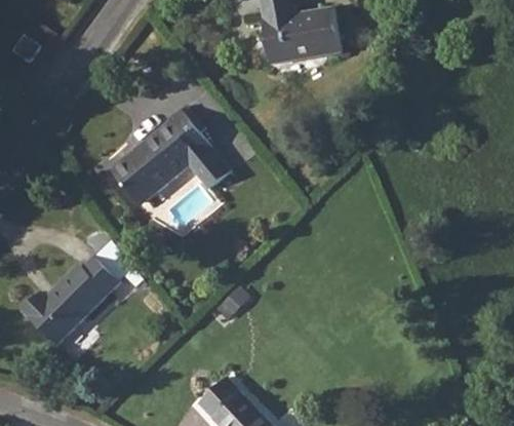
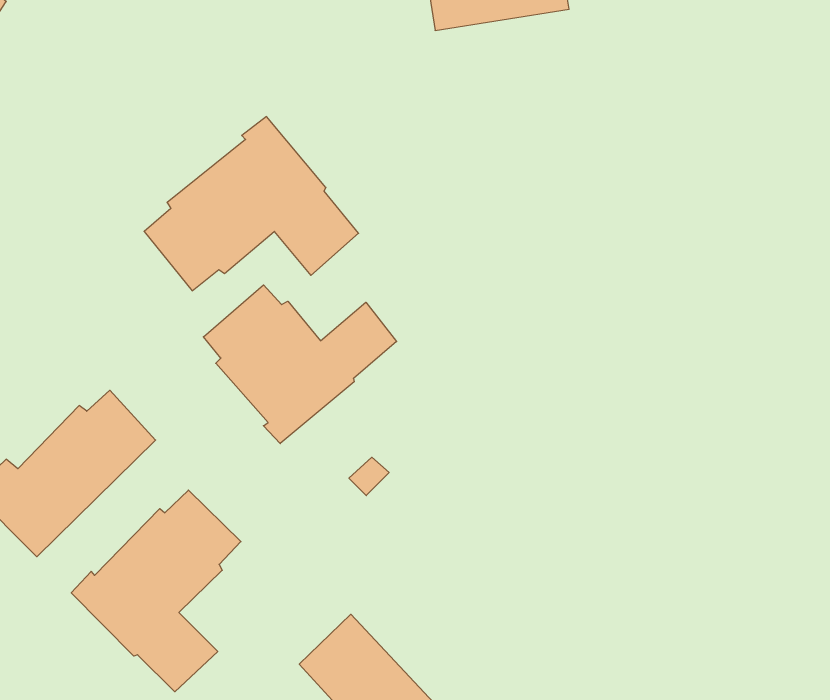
building: none -> [203,285,397,444]
building: none -> [71,490,241,692]

